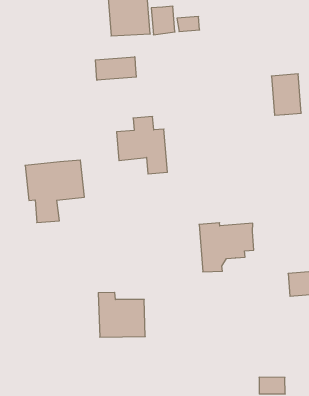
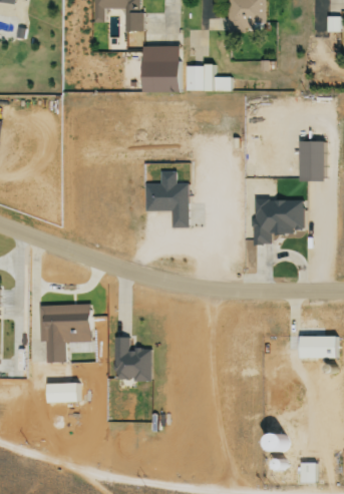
building: [95,57,136,80] -> none
building: [25,160,84,223] -> [39,305,94,362]
building: [199,223,254,272] -> [254,197,306,244]
building: none -> [51,383,83,402]

